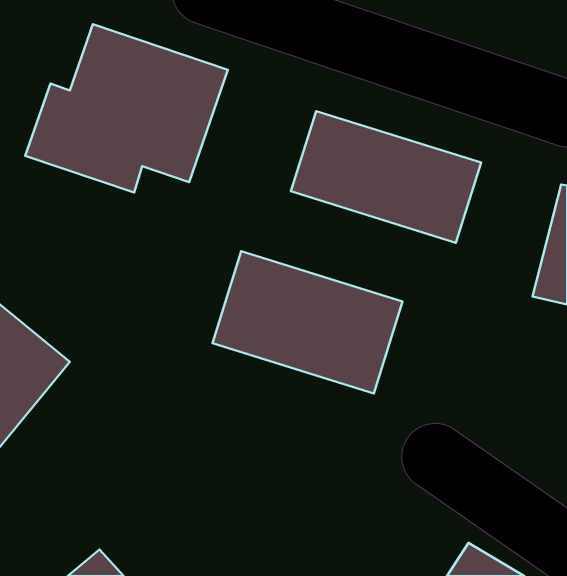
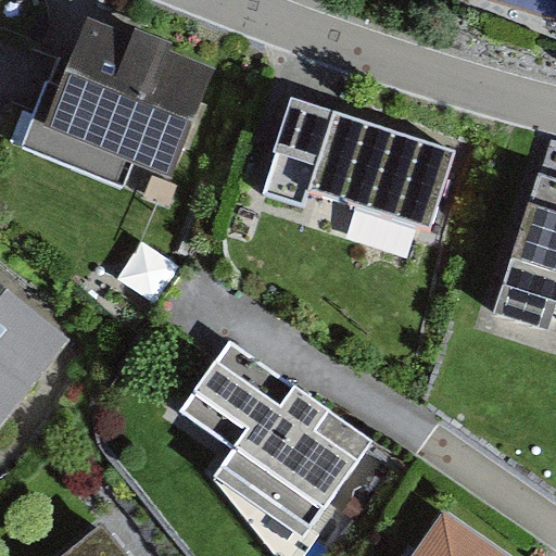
building: [213,251,403,393] -> none
building: none -> [186,348,366,538]

